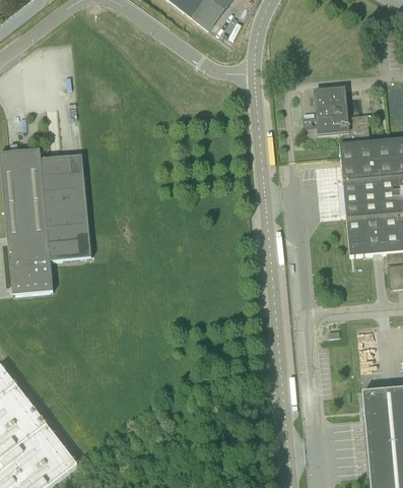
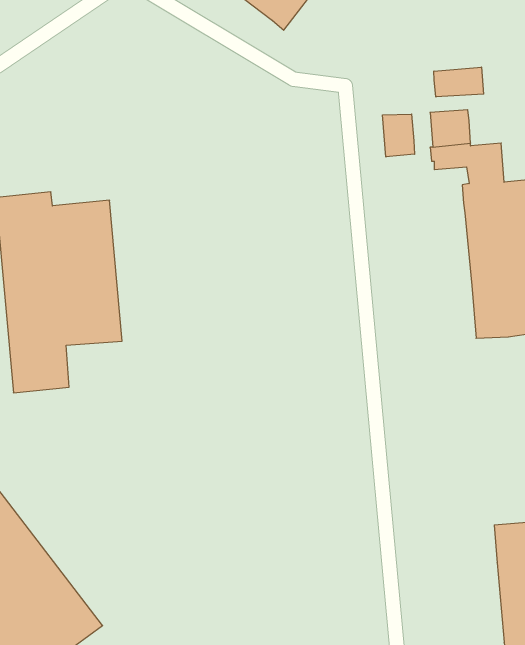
building: none -> [434,67,484,97]
building: none -> [383,114,415,157]

